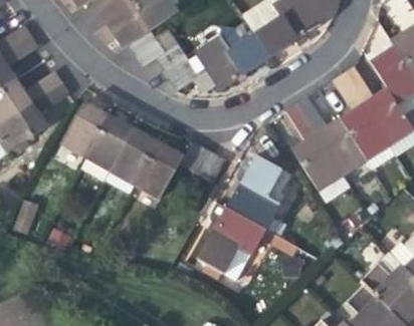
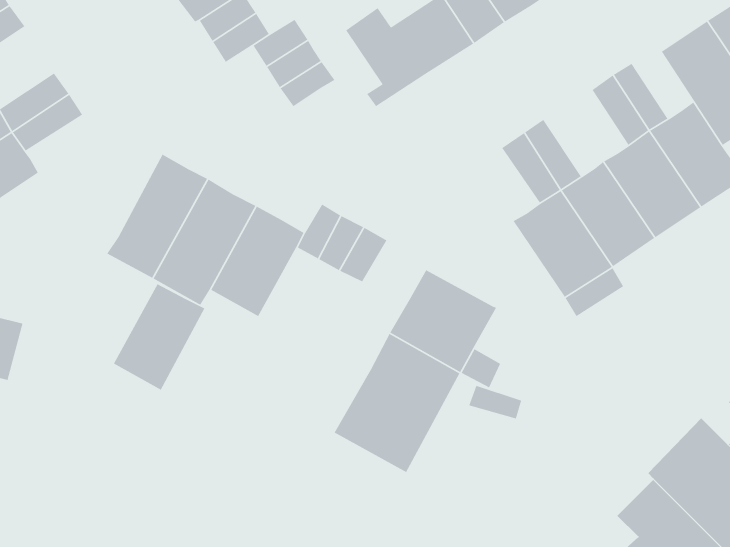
building: [189,50,224,93] -> none
building: [61,101,110,157] -> [113,283,205,391]
building: [247,155,292,194] -> none

